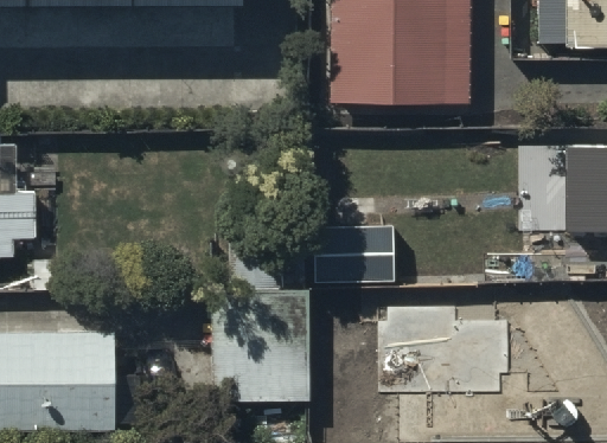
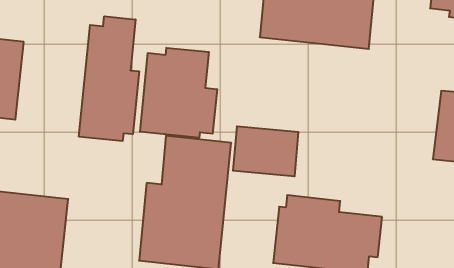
building: none -> [79,16,139,141]
building: none -> [140,48,217,138]

